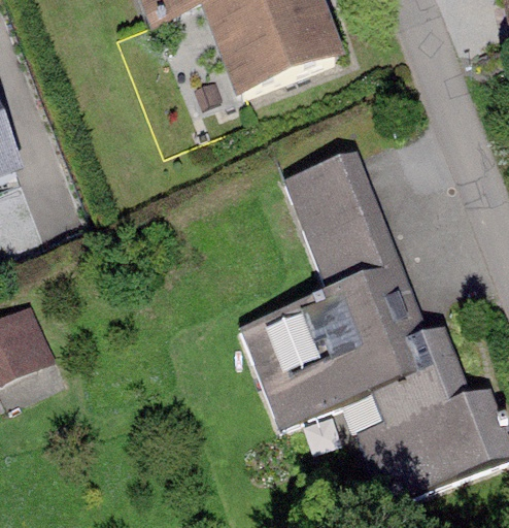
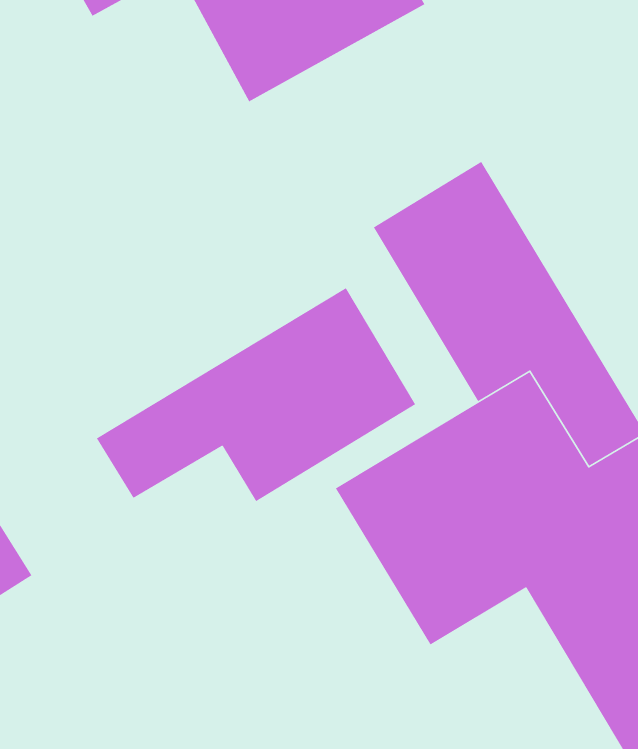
building: none -> [96,287,416,502]

